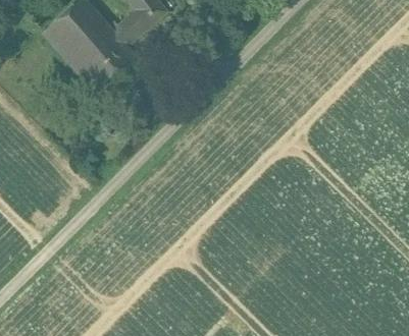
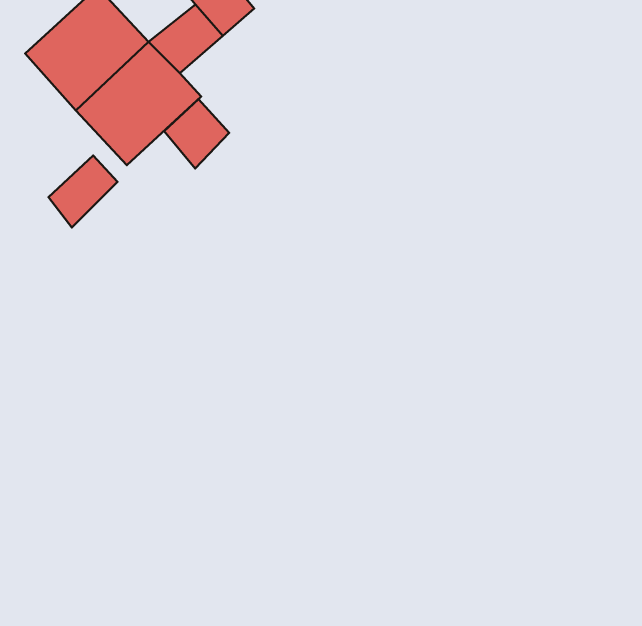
building: none -> [164,99,229,168]
building: none -> [49,155,118,227]

